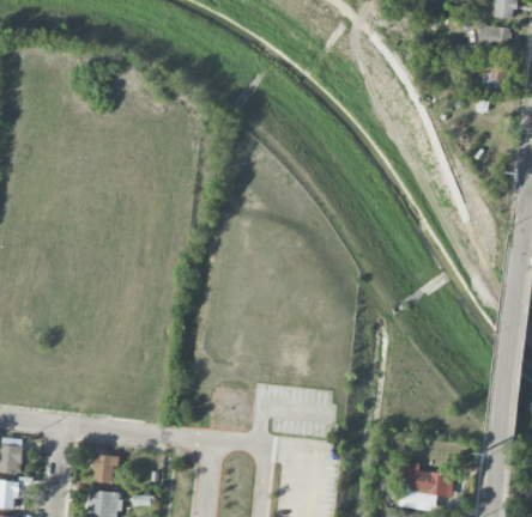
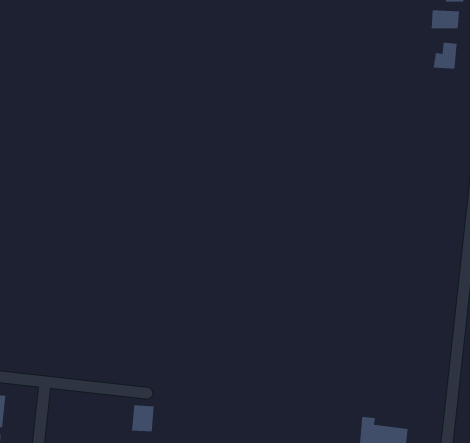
building: [92,455,117,483] -> [131,405,155,432]

